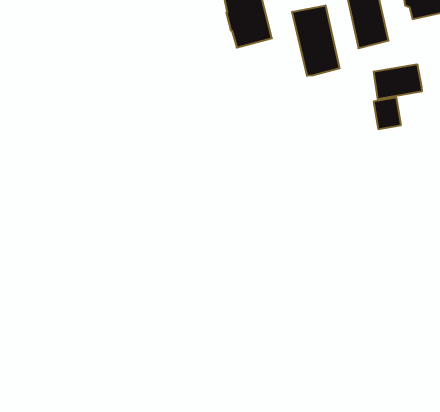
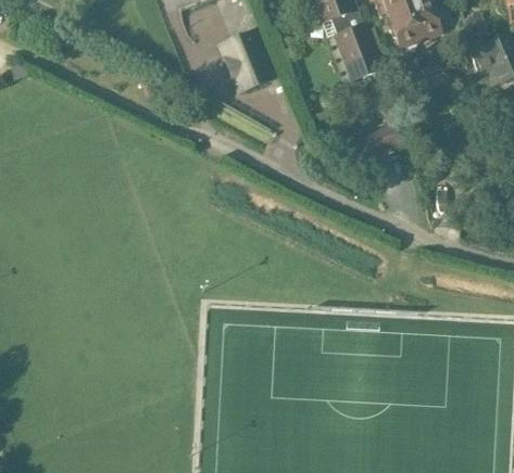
building: [292,5,340,76] -> none
building: [374,64,422,99] -> none

